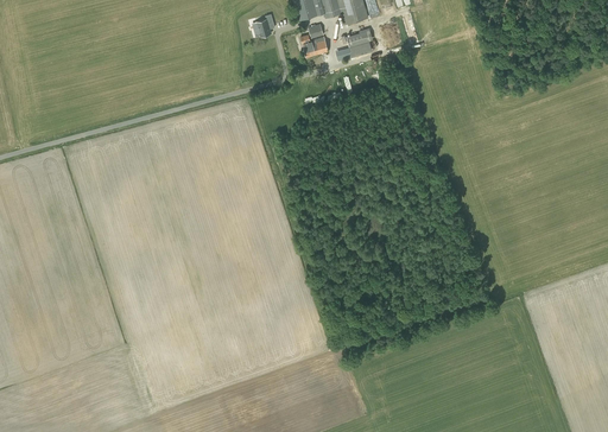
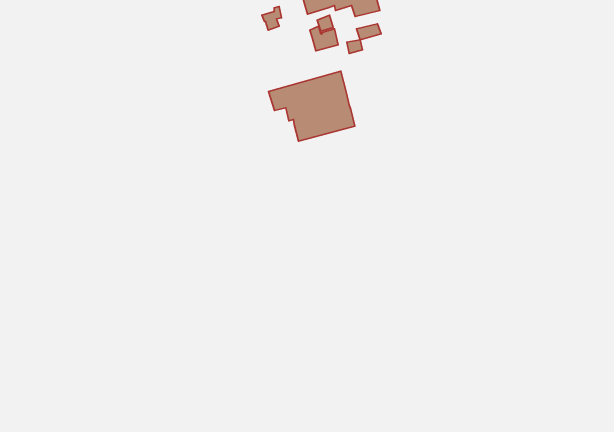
building: none -> [269,71,355,141]

